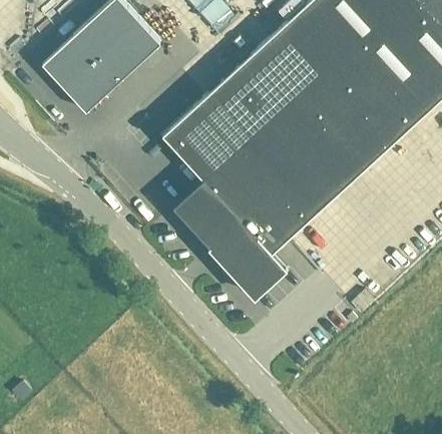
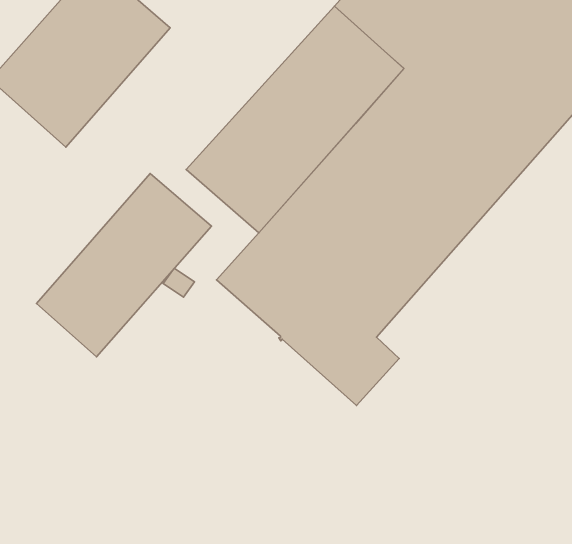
building: none -> [37,173,211,357]

